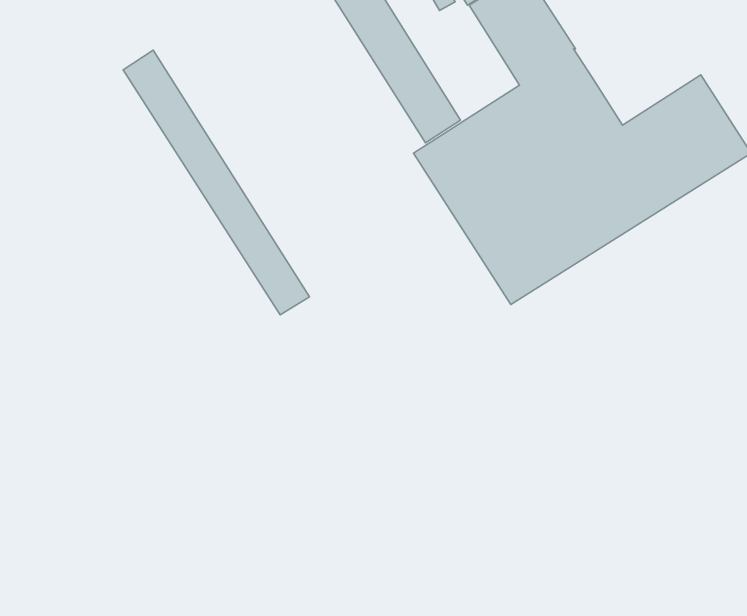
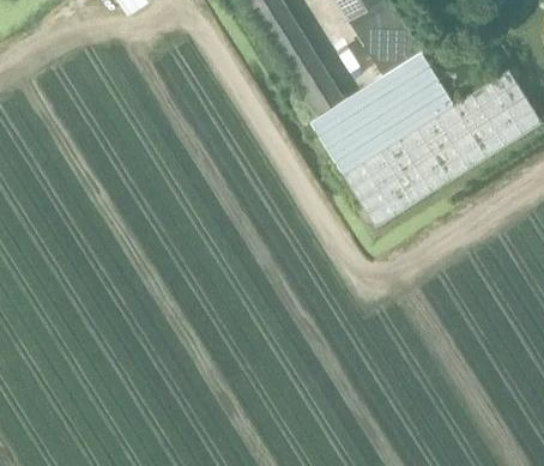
building: [123,50,310,315] -> none

